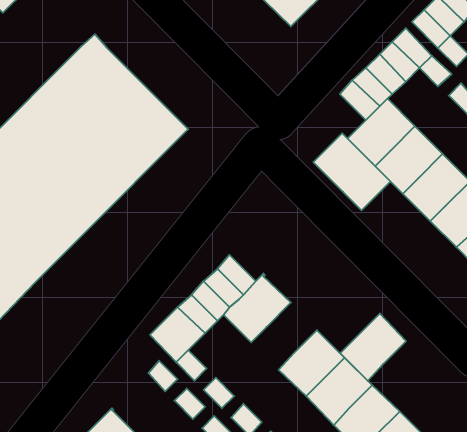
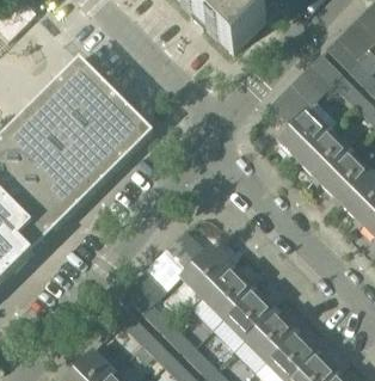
building: [313,133,390,210] -> none
building: [340,313,406,381] -> [202,268,253,320]

